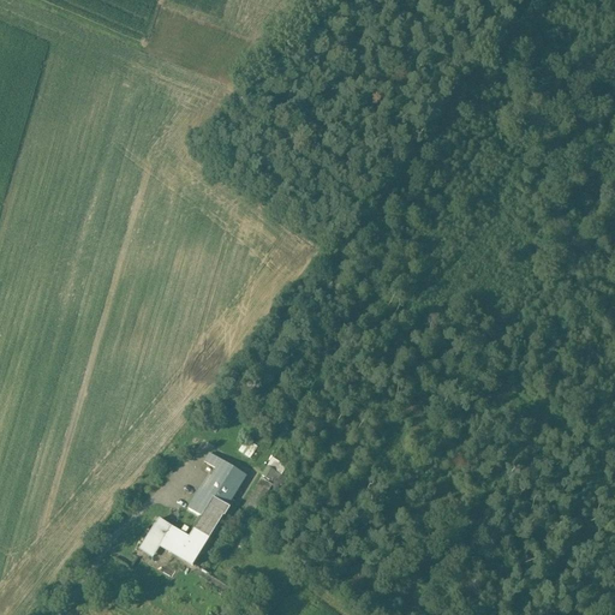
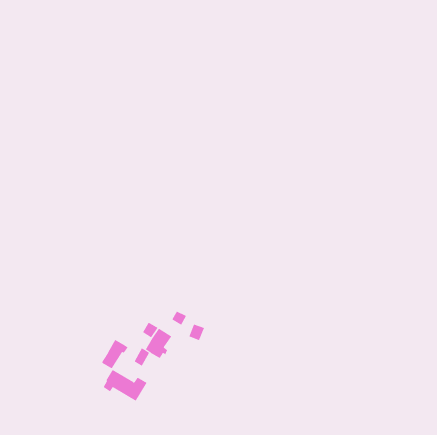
building: [192,495,231,537] -> [101,339,129,369]

